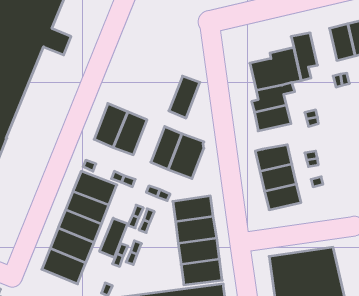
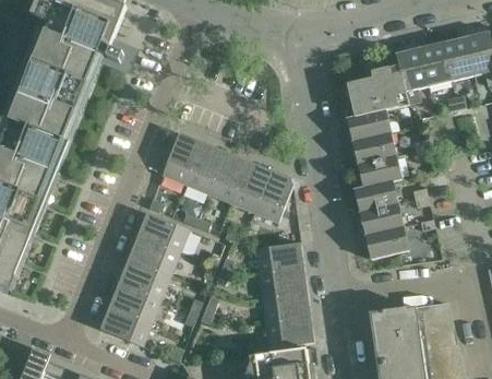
building: none -> [419,43,451,86]
building: [169,76,200,118] -> [208,152,245,202]
building: none -> [357,156,401,187]
building: [100,218,127,257] -> none

